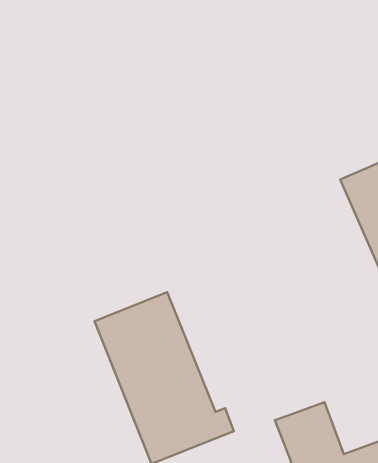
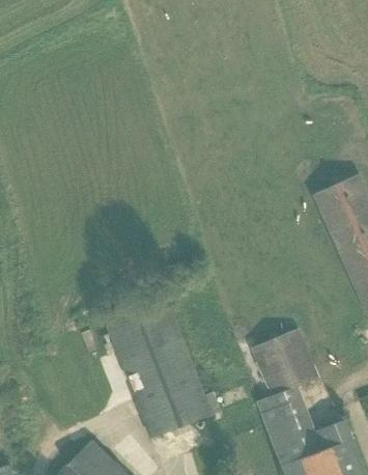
building: none -> [251,329,319,397]

